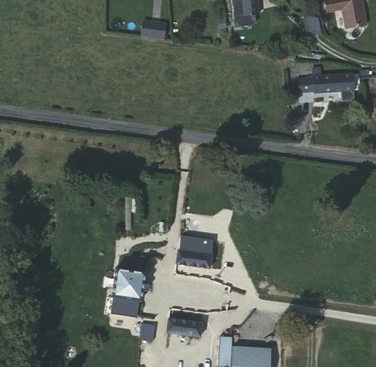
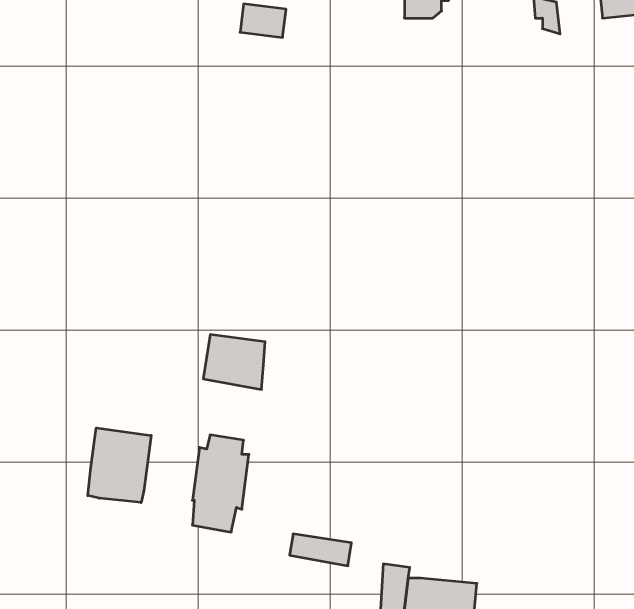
building: [299,64,354,100] -> none
building: [178,237,213,268] -> [203,335,265,389]
building: none -> [88,428,151,503]

